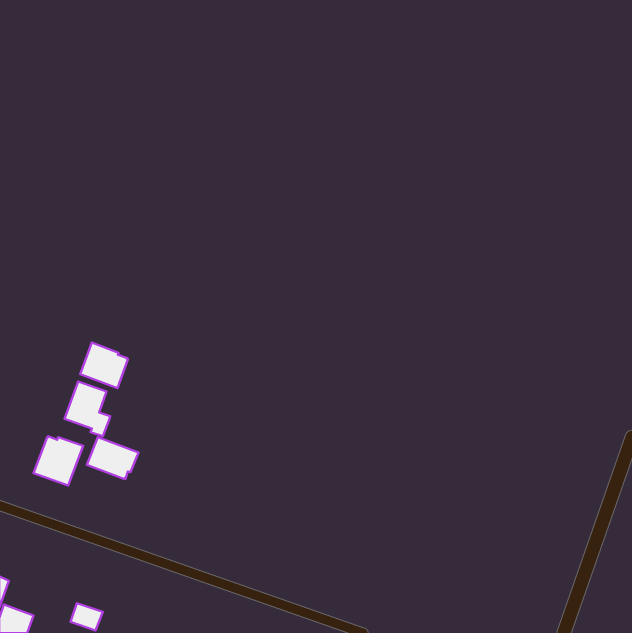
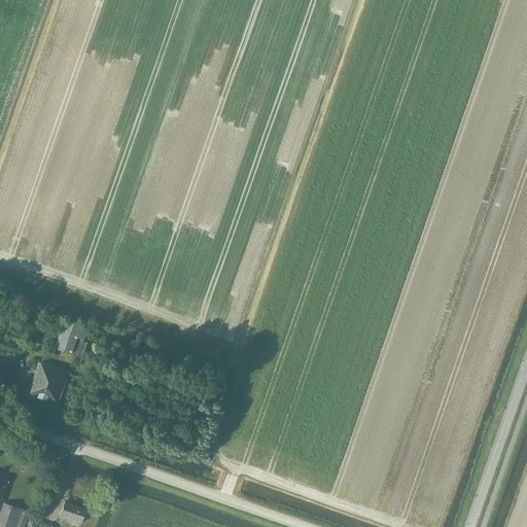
building: [80,342,128,388] -> none
building: [87,437,139,479] -> none

